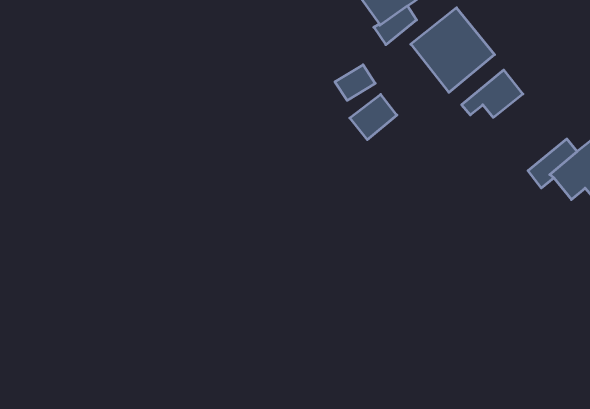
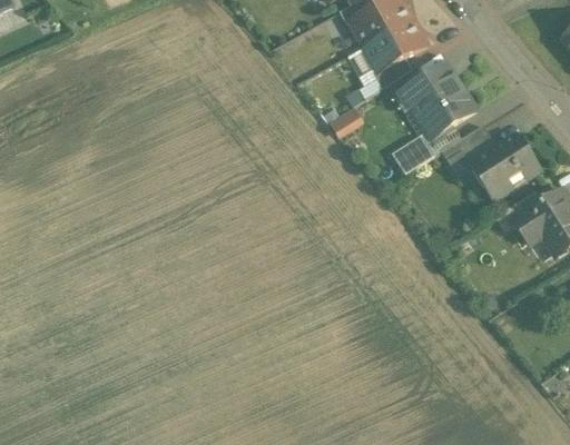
building: none -> [470,139,542,199]
building: [350,94,397,140] -> [393,134,435,172]

